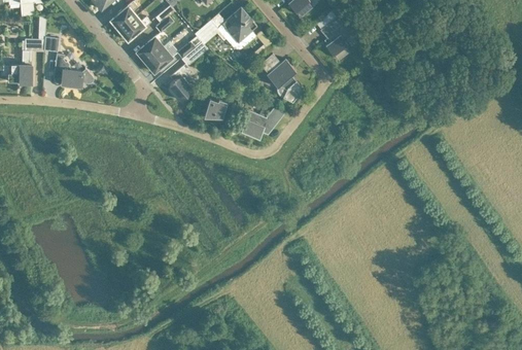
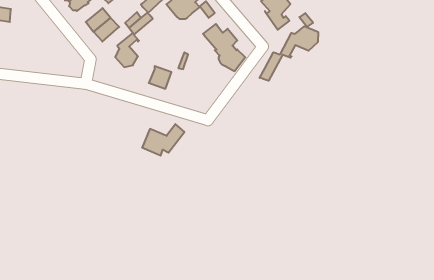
building: [54,54,94,87] -> none
building: none -> [260,26,318,81]
building: [240,105,284,138] -> [142,124,184,156]

